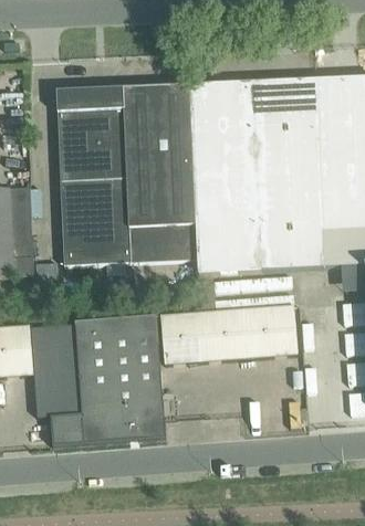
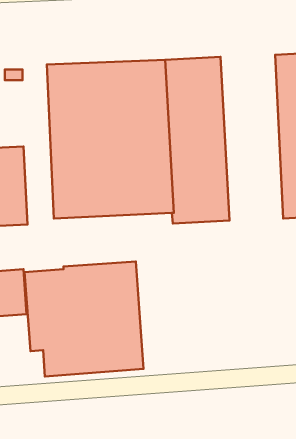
building: [253,80,324,267] -> none
building: [161,304,299,364] -> none

